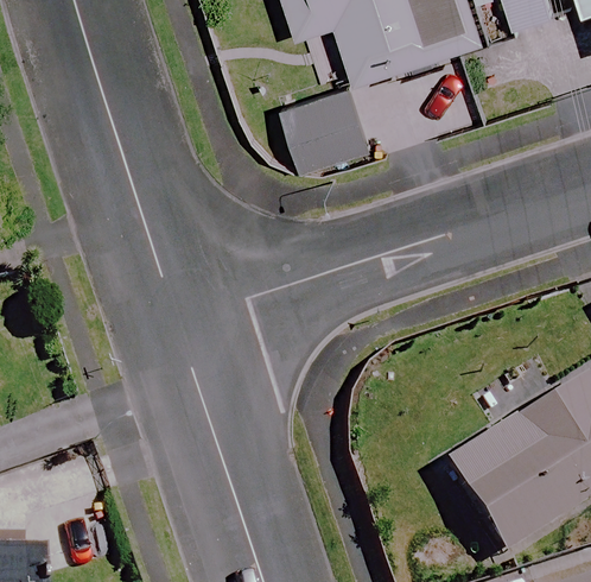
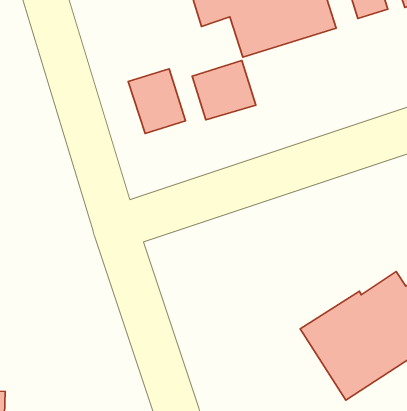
building: none -> [128,69,185,133]

